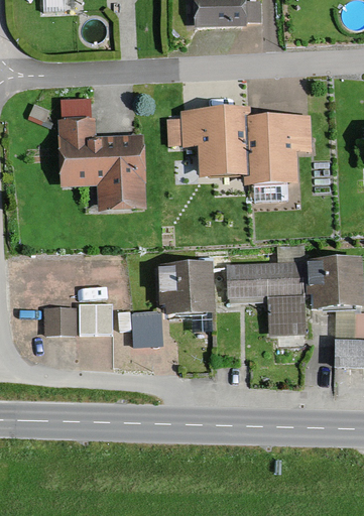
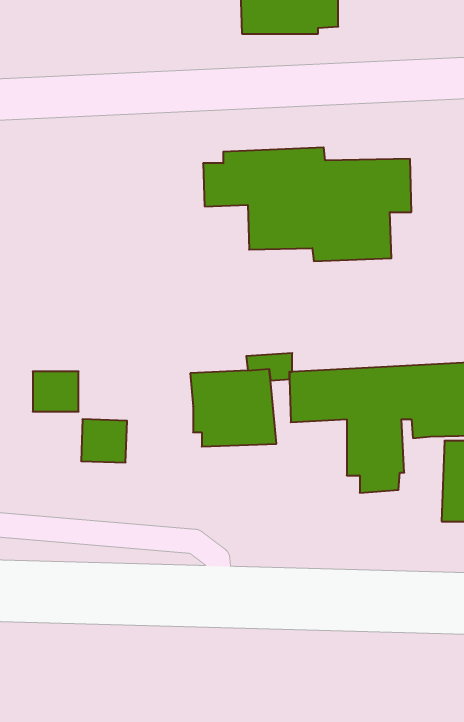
building: [56,97,146,211] -> none
building: [43,306,76,335] -> [33,371,79,412]
building: [131,310,162,346] -> none

